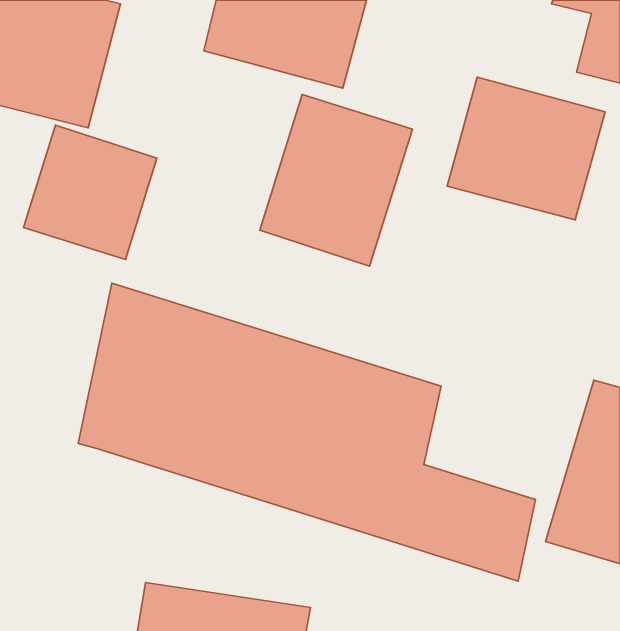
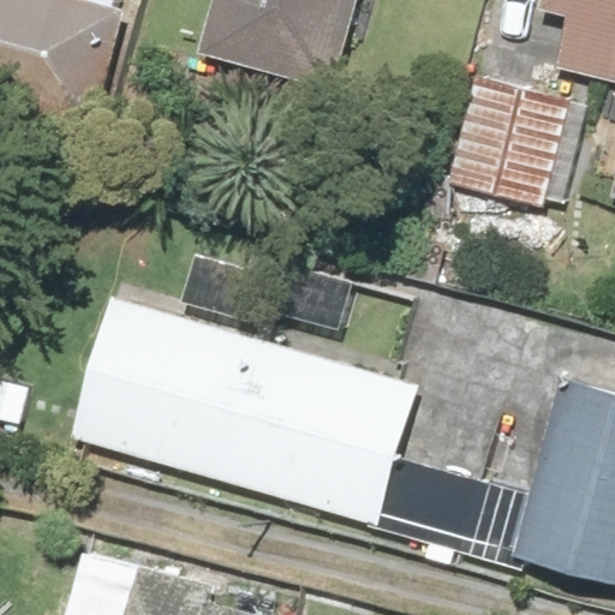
building: [260,94,412,266] -> none
building: [23,125,157,260] -> none

